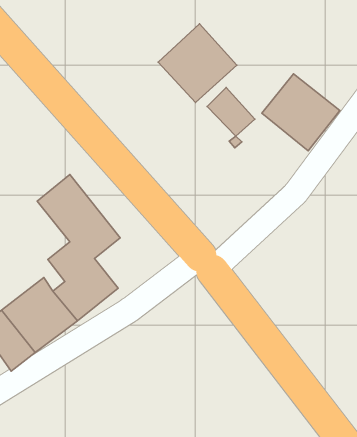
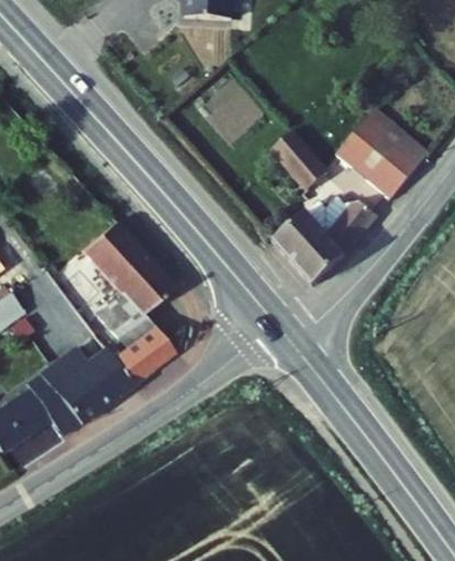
building: [158,24,237,103] -> none
building: none -> [273,189,372,282]

